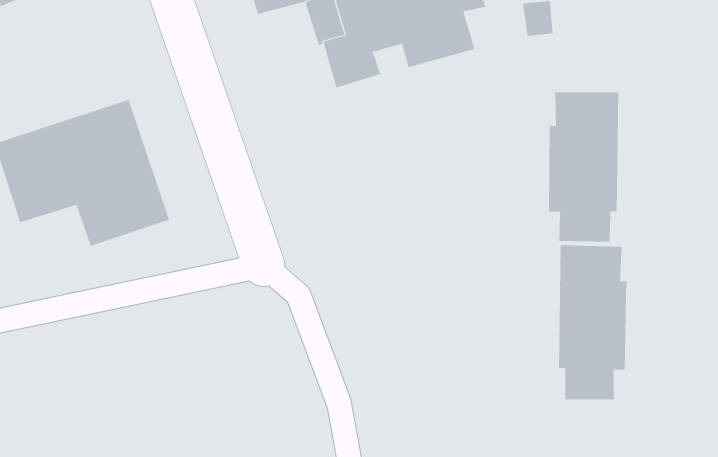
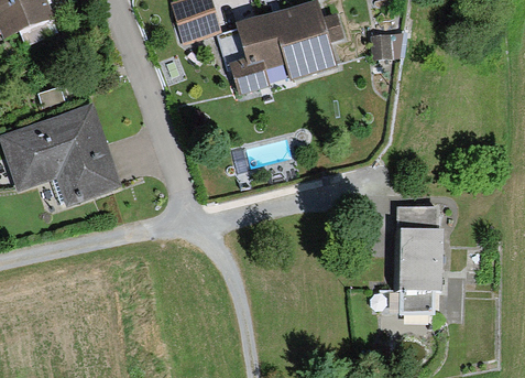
building: [548,92,619,243] -> none

